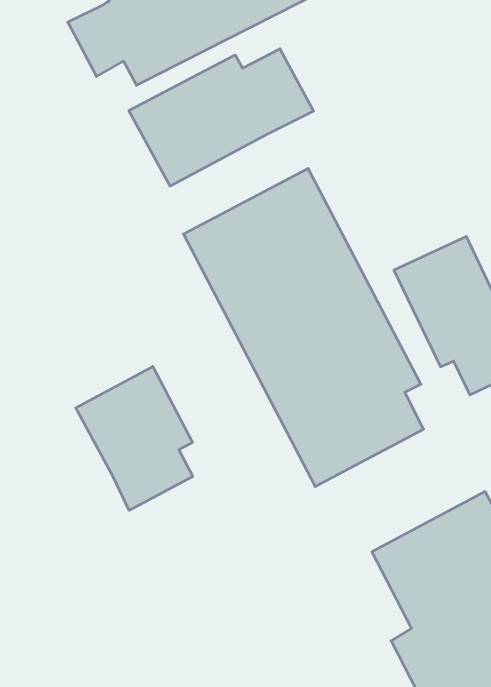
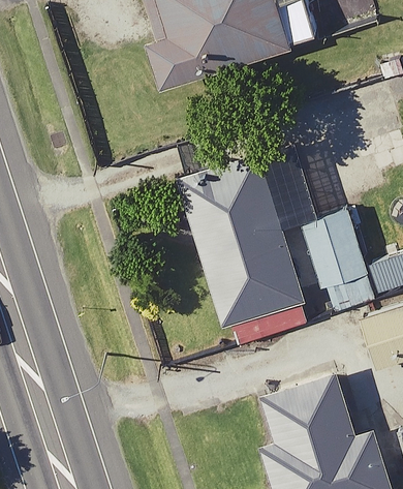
building: [129,49,314,186] -> none
building: [76,366,193,510] -> none

